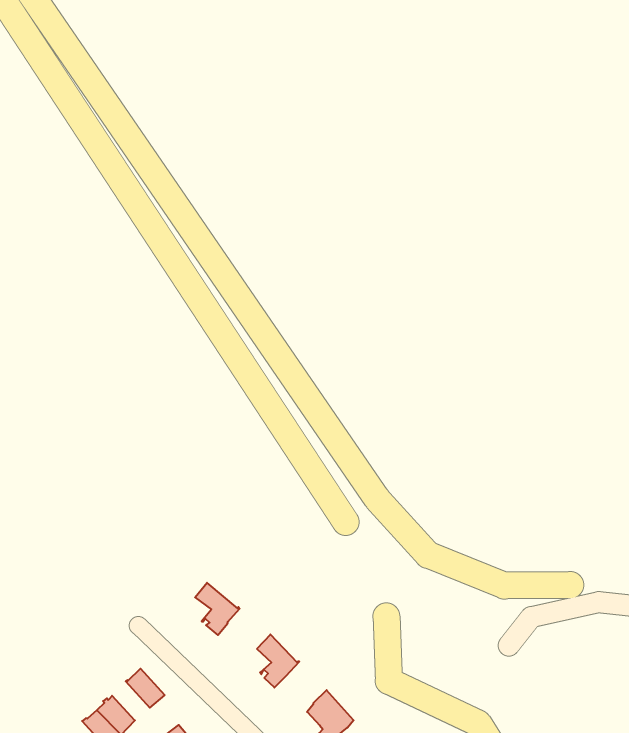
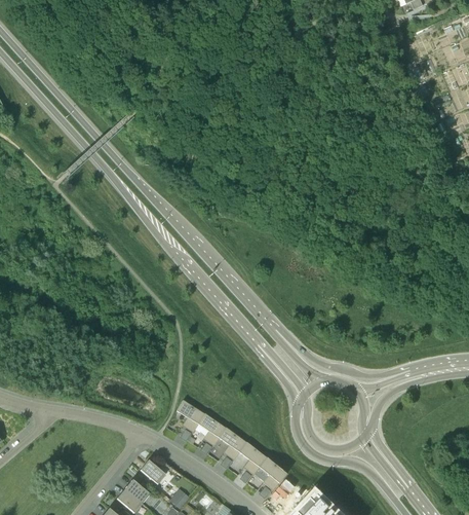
building: none -> [199,415,227,447]
building: none -> [240,443,267,476]

